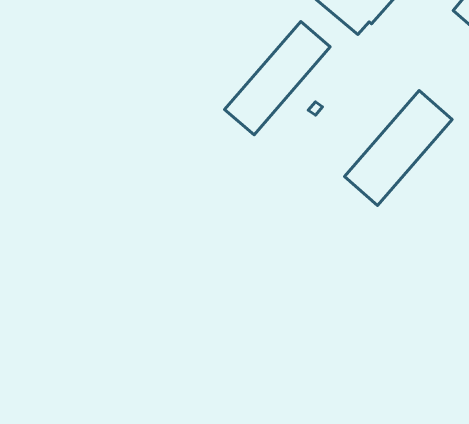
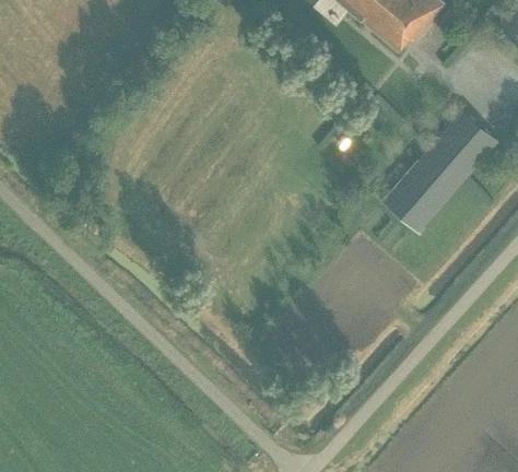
building: [225,22,330,135] -> none

